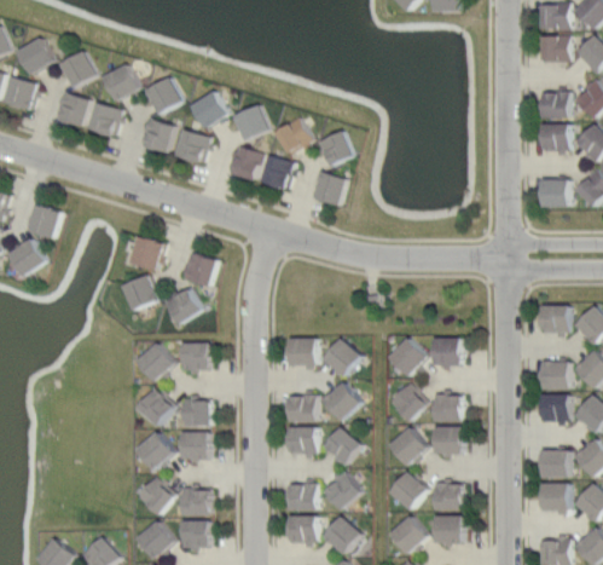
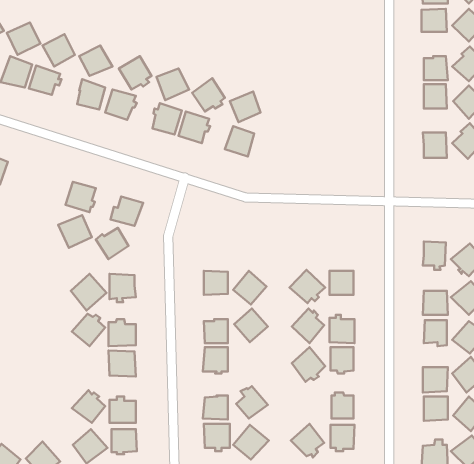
building: [321,426,361,466] -> none
building: [134,431,175,471] -> none
building: [388,471,428,508] -> none

